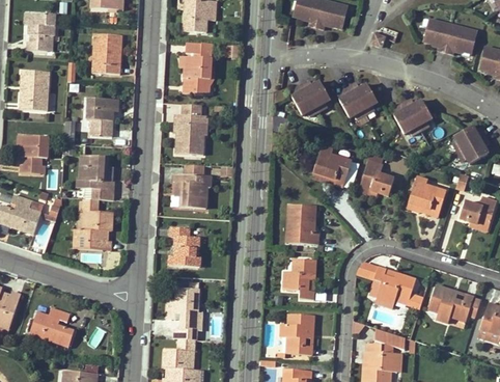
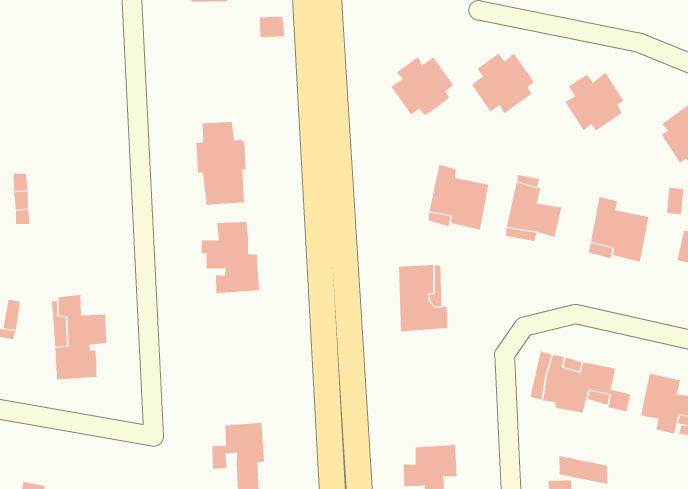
building: [92,34,119,74] -> none
building: [183,42,211,94] -> none
building: [85,99,114,136] -> none
building: [79,156,113,200] -> none
building: [168,227,199,267] -> none
building: [282,258,314,300] -> none

